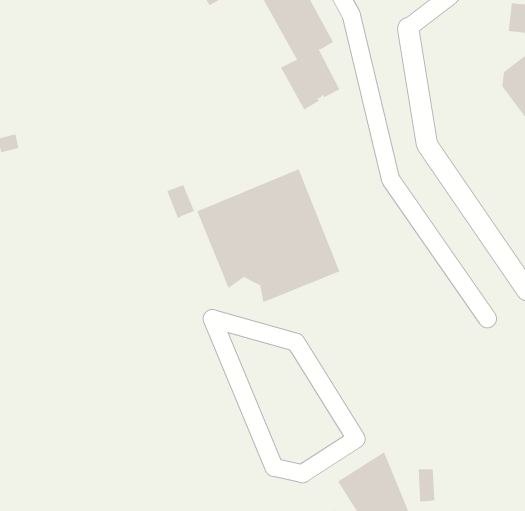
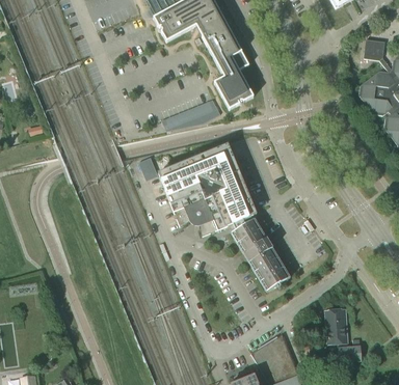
building: none -> [161,100,220,132]
building: none -> [231,219,290,292]
building: none -> [324,308,361,363]

